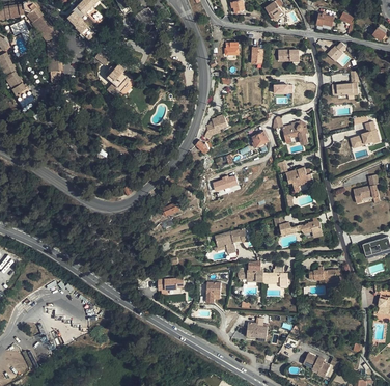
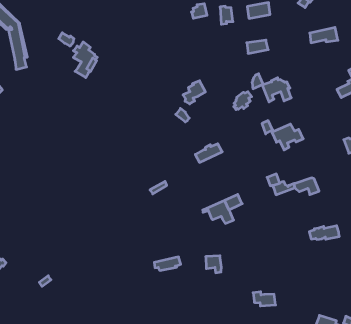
building: [239,263,287,285] -> none

